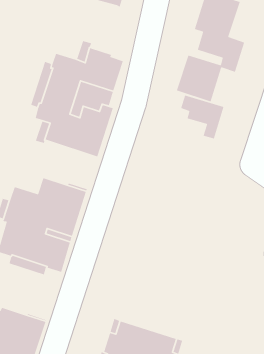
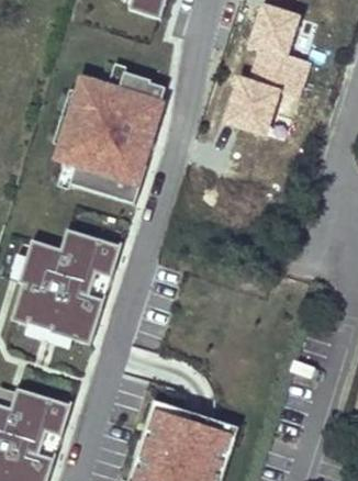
building: [180,94,225,139] -> none

